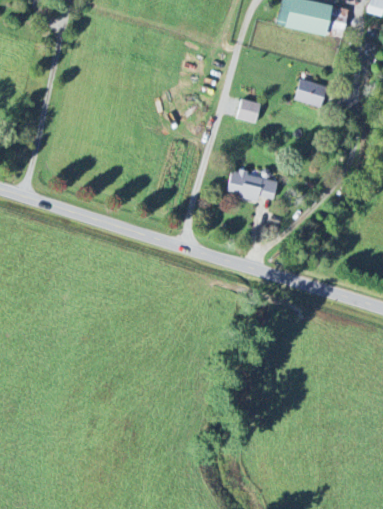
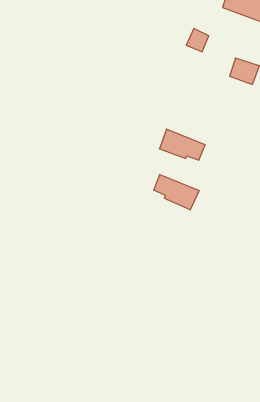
building: [237,98,261,123] -> [186,28,209,52]
building: none -> [154,174,199,210]

